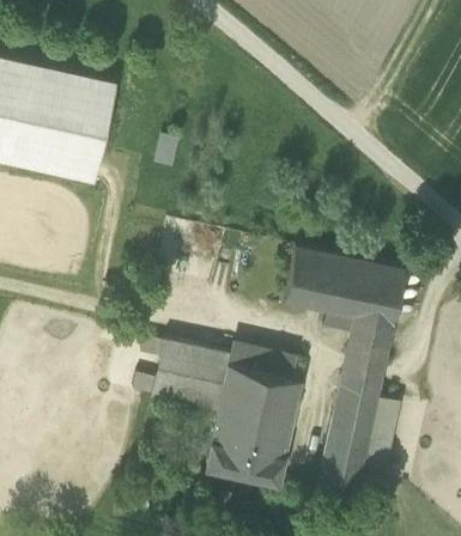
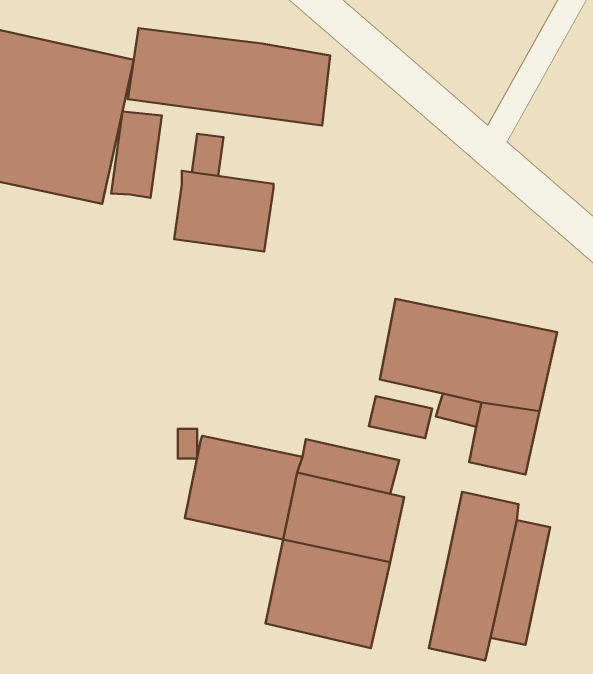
building: none -> [128,28,330,126]
building: none -> [111,111,162,198]
building: none -> [174,171,273,252]
building: [341,359,384,388] -> [369,396,432,438]

